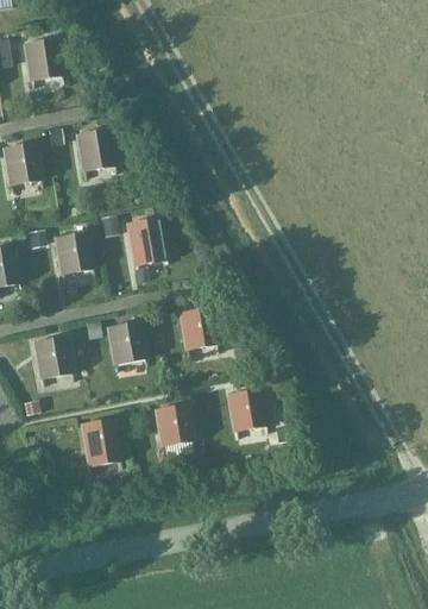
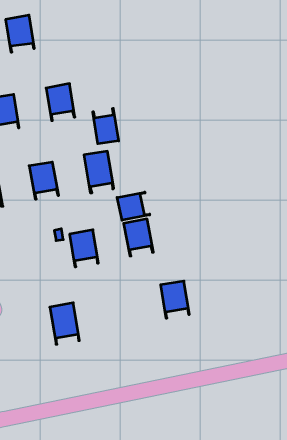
building: none -> [93,108,119,144]
building: none -> [117,192,150,220]
building: [36,337,74,385] -> none
building: [157,403,195,452] -> none

